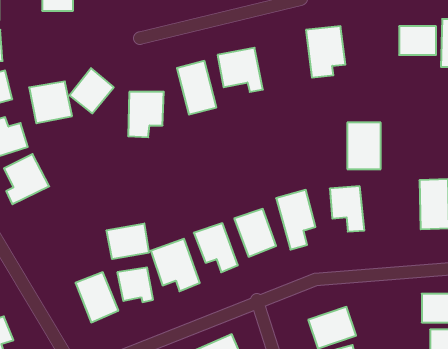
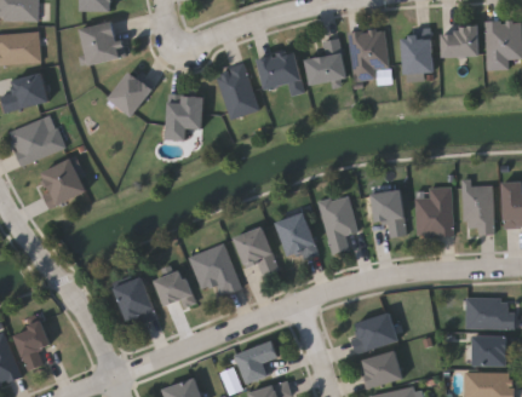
building: none -> [402,33,432,74]
building: none -> [306,38,346,85]
building: [29,81,72,123] -> [80,22,124,64]
building: [347,123,381,169] -> [417,188,451,235]
building: [107,223,149,259] -> none

